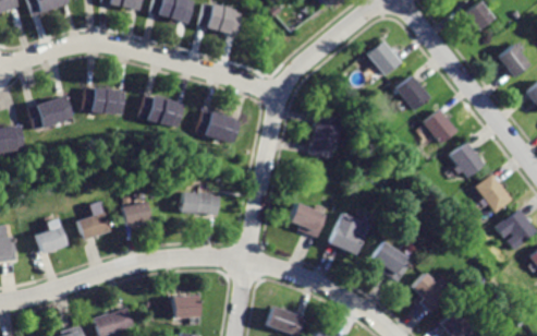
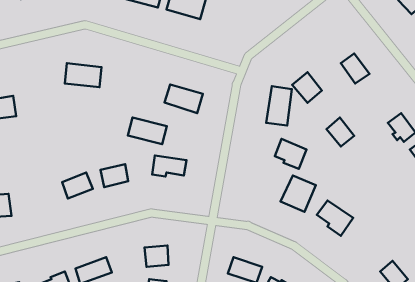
building: [365,41,399,76] -> [292,72,322,103]
building: [28,95,73,129] -> none
building: [139,95,184,125] -> [128,117,167,144]
building: [422,109,453,142] -> [326,118,354,146]
building: [290,203,326,237] -> [275,139,306,169]
building: [37,225,70,253] -> none
building: [411,274,446,311] -> none

